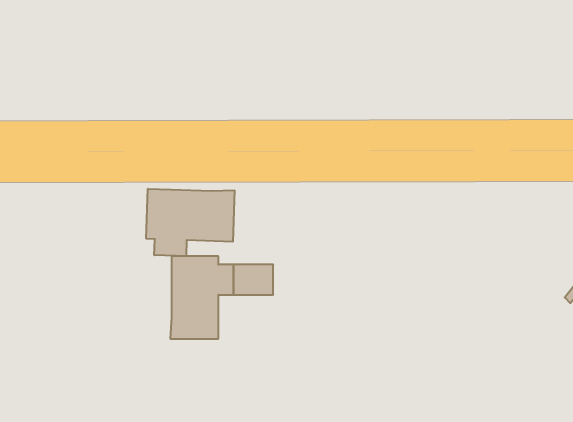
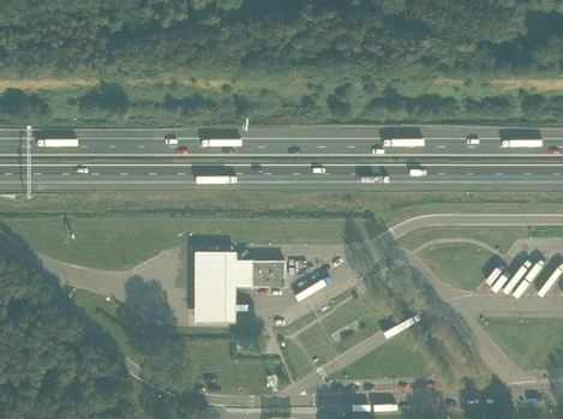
building: [146,189,234,256] -> none

